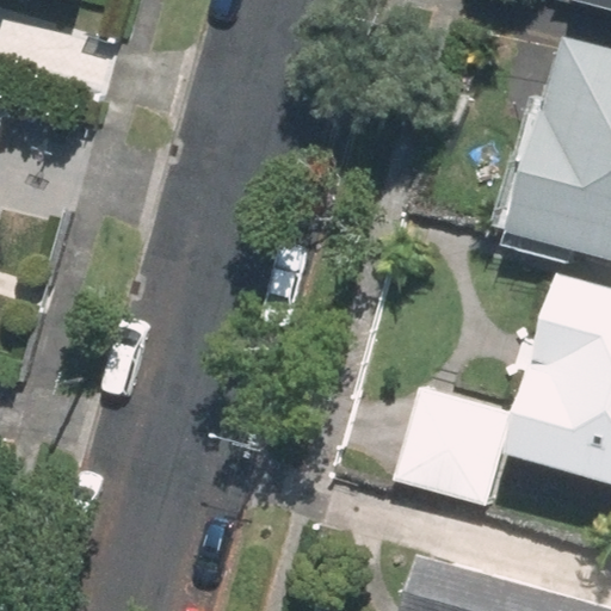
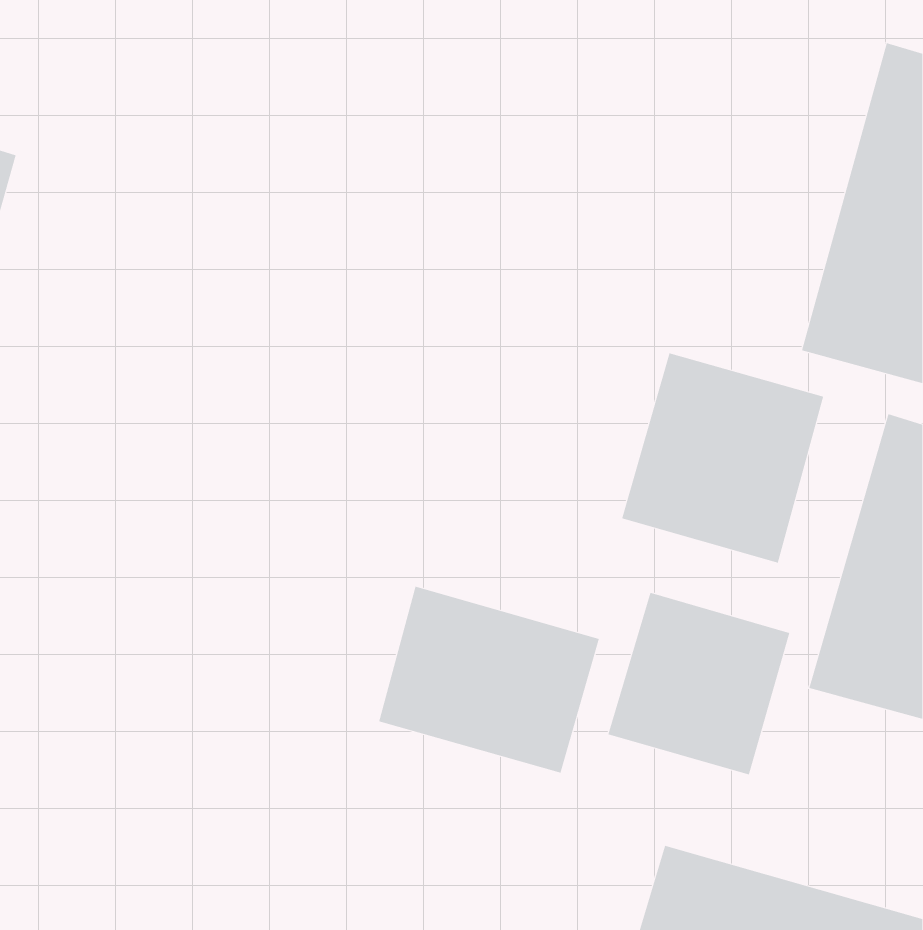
building: none -> [622,353,824,564]
building: none -> [379,586,599,773]

